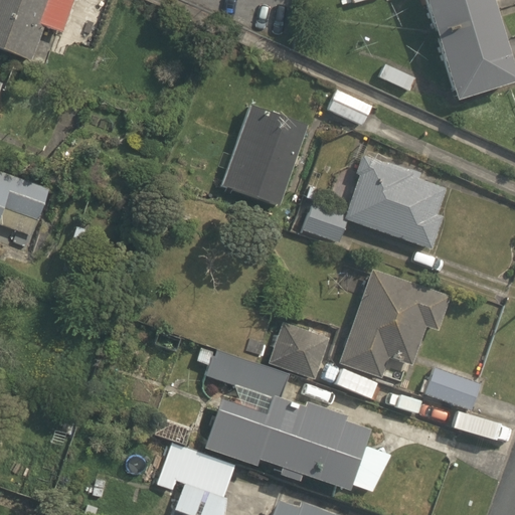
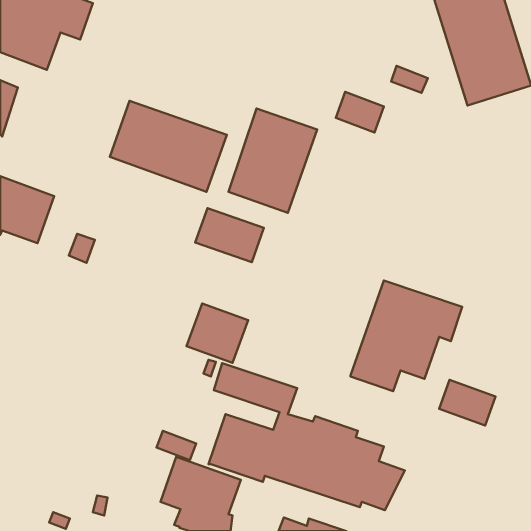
building: none -> [110,101,227,192]
building: [303,154,447,250] -> none
building: none -> [195,208,264,262]
building: [270,321,329,378] -> [187,303,248,363]

